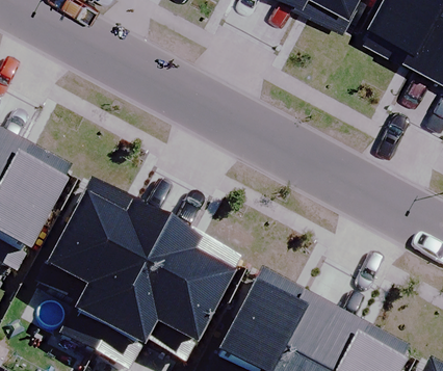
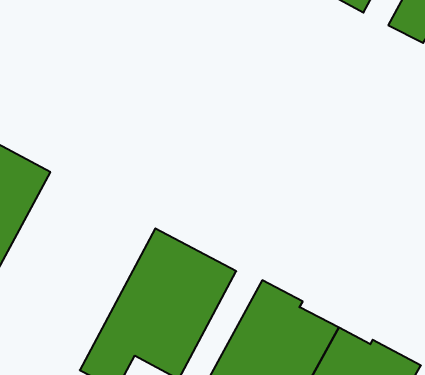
building: [32,182,160,352] -> none

